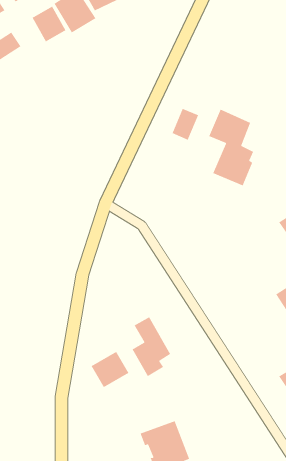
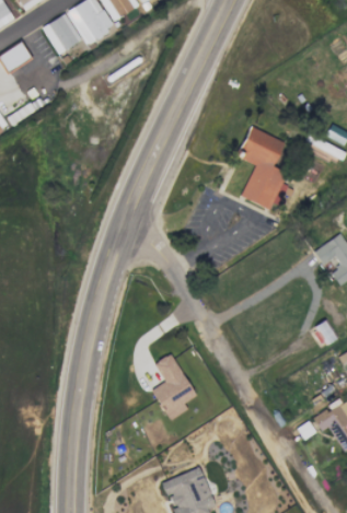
building: [171,108,199,141] -> none
building: [90,351,129,388] -> none

